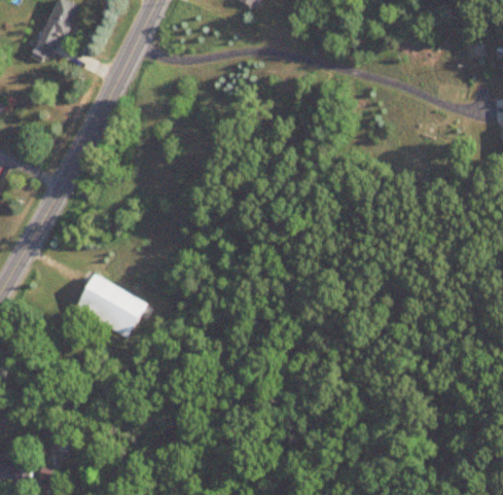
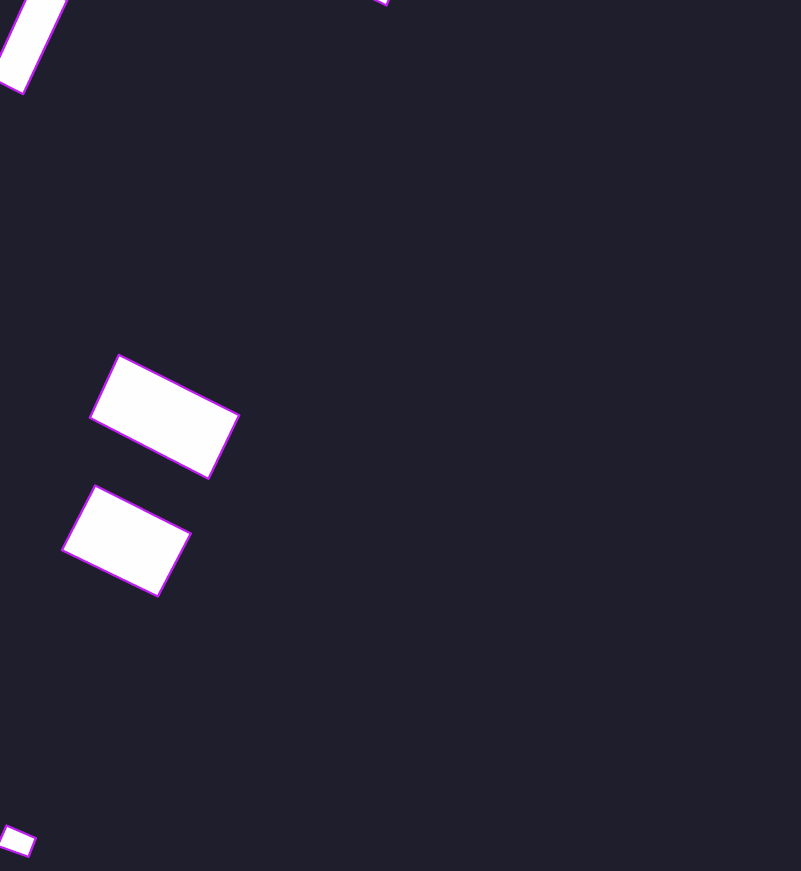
building: none -> [90,355,239,479]

